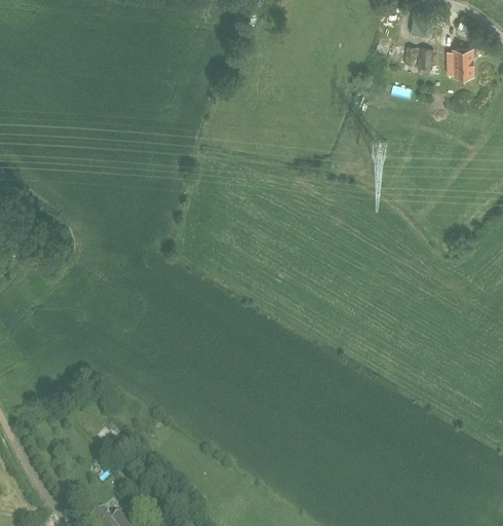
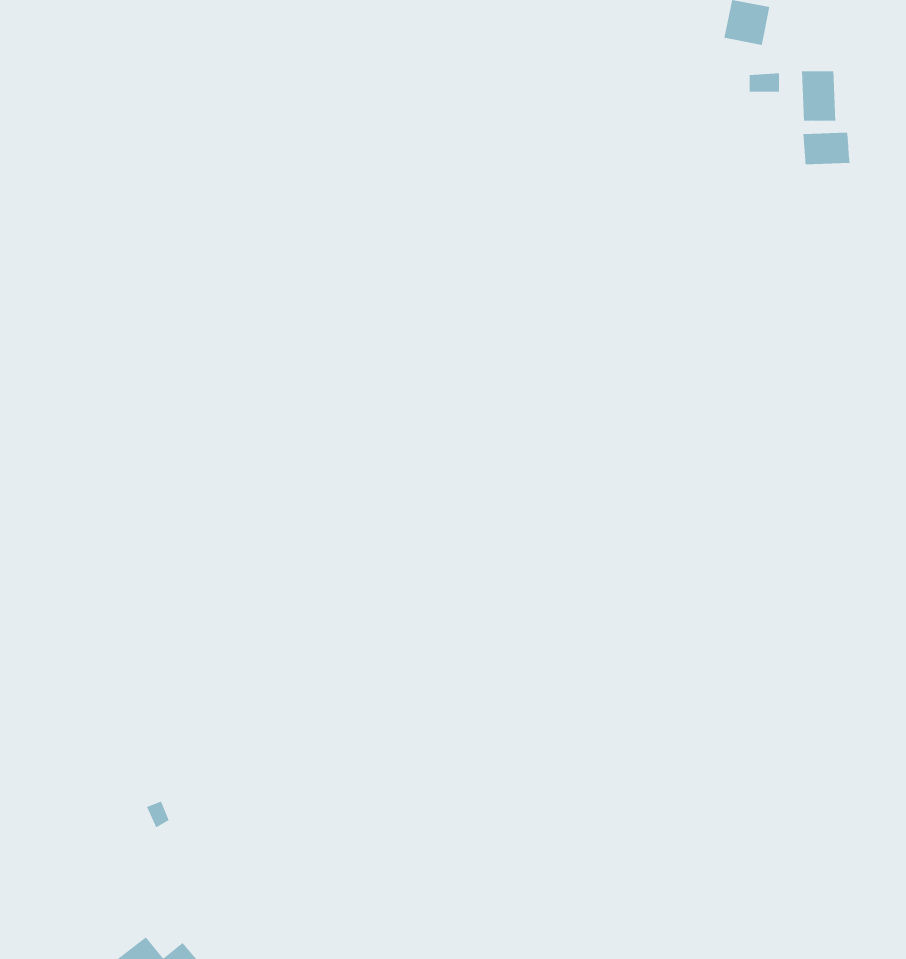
building: none -> [803,132,850,165]

